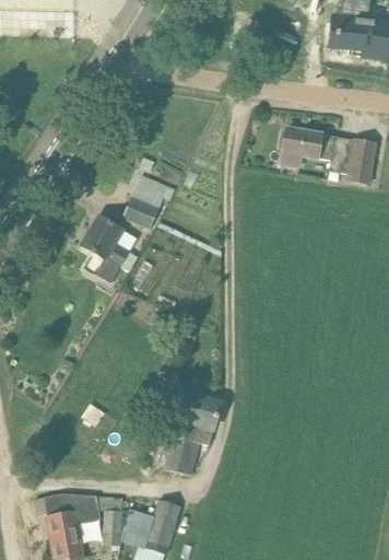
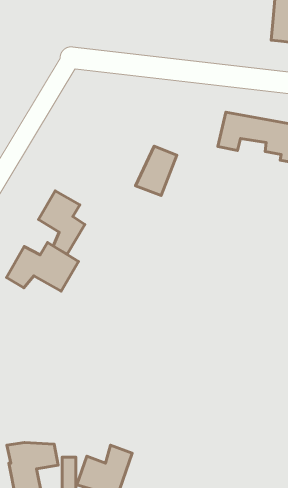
building: [121,175,167,230] -> [136,146,177,196]
building: none -> [6,243,78,291]
building: [164,392,221,475] -> none

